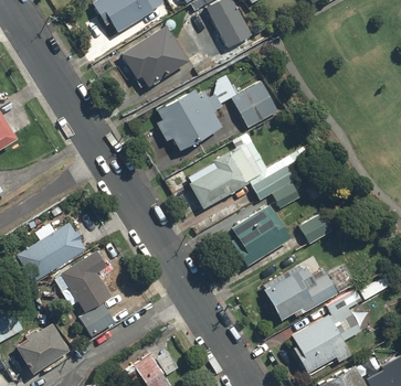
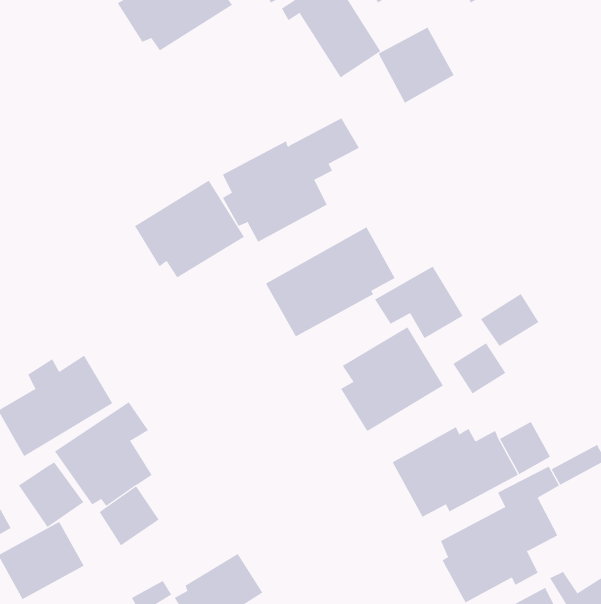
building: [120,26,189,87] -> [134,180,245,278]
building: [232,82,279,129] -> [378,27,455,104]
building: none -> [480,293,539,347]
building: none -> [18,462,84,528]

